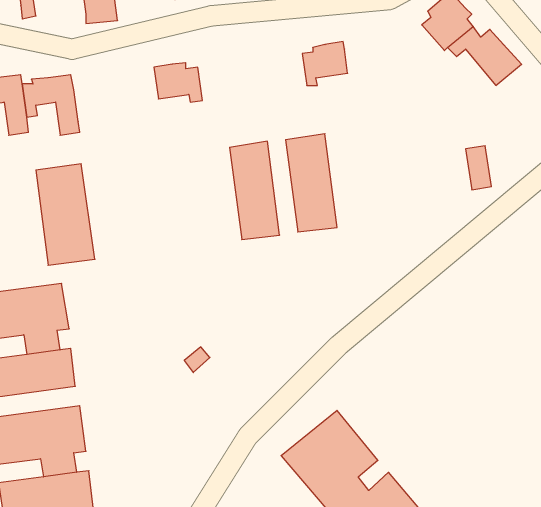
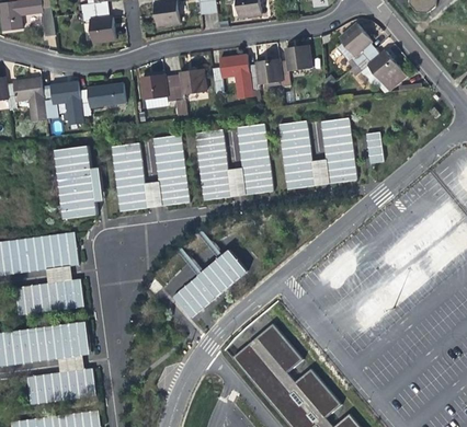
building: none -> [278,44,312,85]
building: none -> [212,53,252,96]
building: none -> [172,67,205,100]
building: none -> [82,82,127,115]
building: none -> [321,118,357,184]
building: none -> [278,120,316,189]
building: none -> [153,135,191,206]
building: none -> [111,143,148,211]
building: none -> [173,250,247,319]

